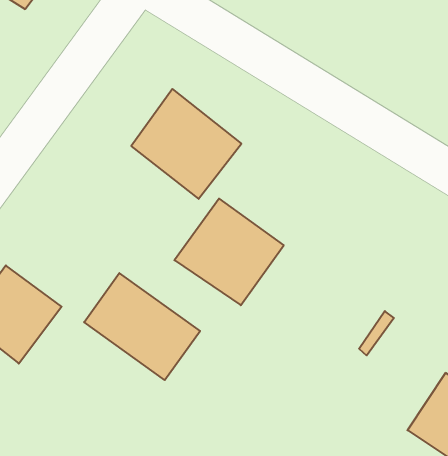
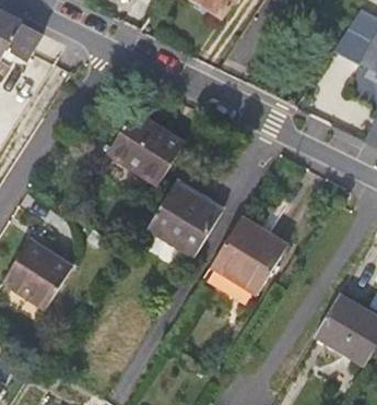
building: none -> [211,216,287,294]
building: [84,273,200,380] -> none

